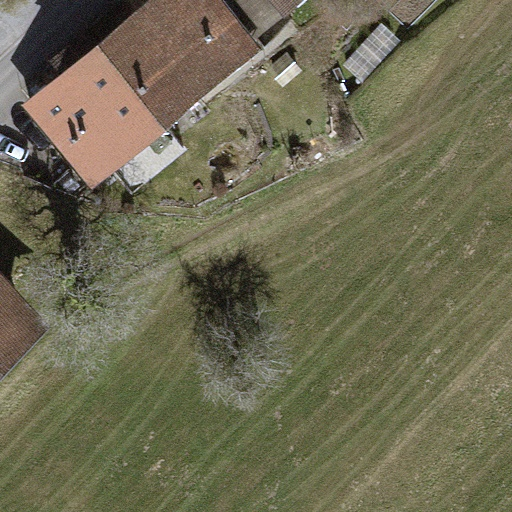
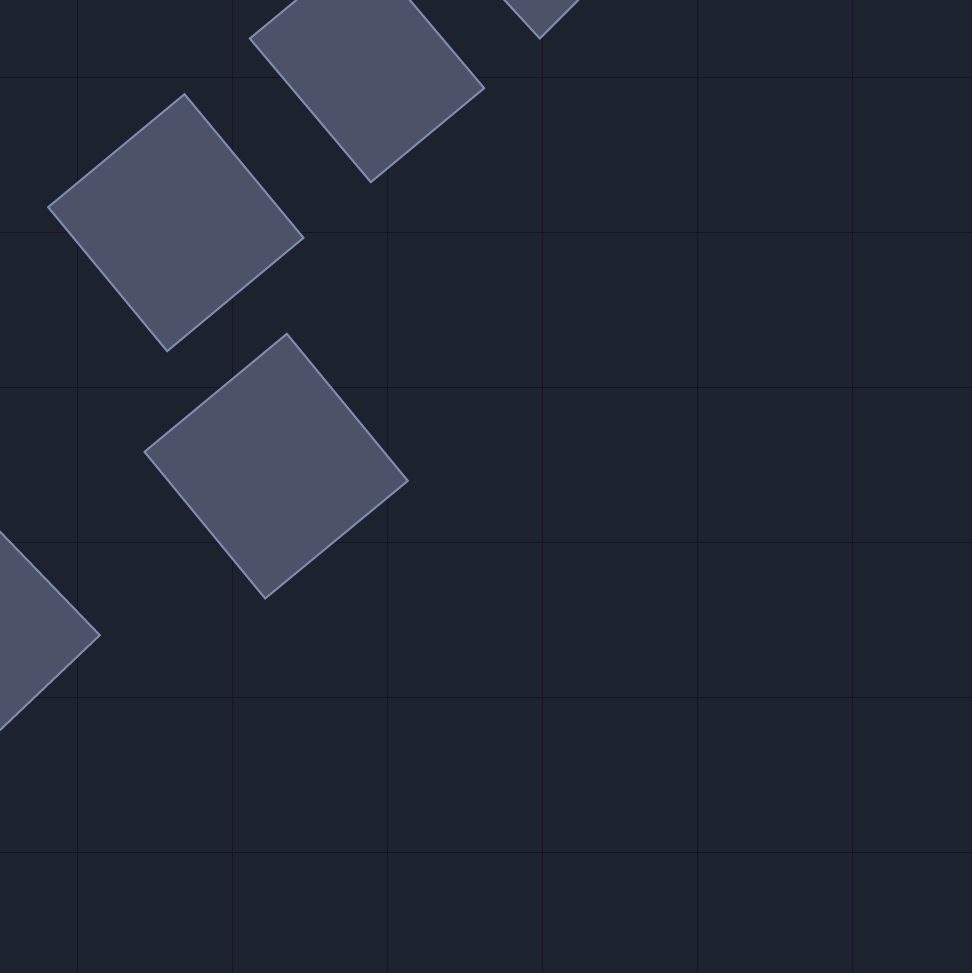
building: [96,20,193,124] -> none
building: none -> [144,334,408,598]

